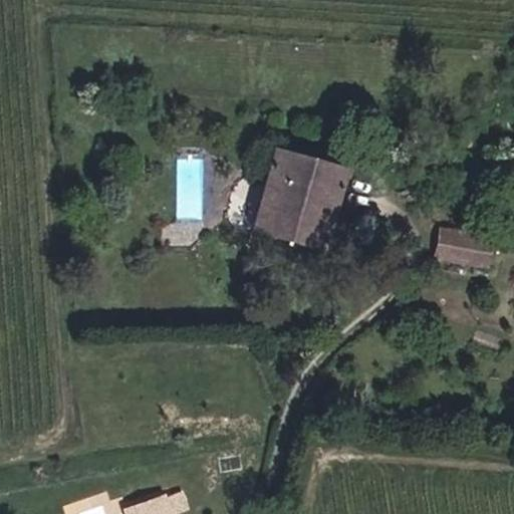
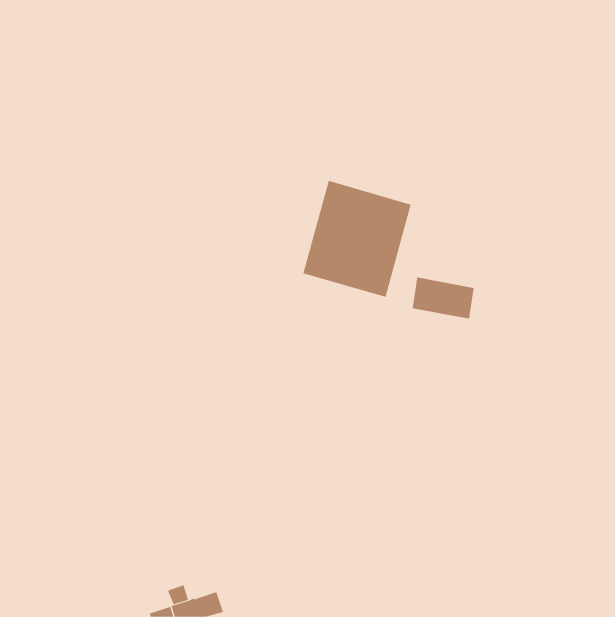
building: [439,230,491,265] -> [412,277,475,319]

